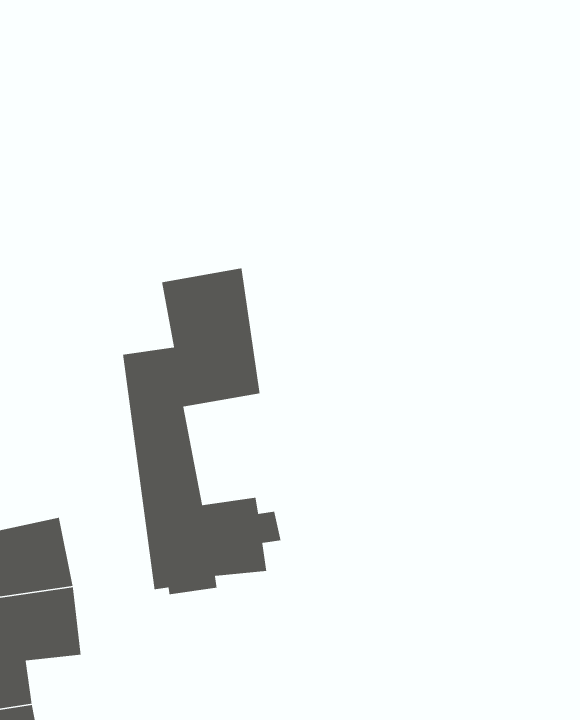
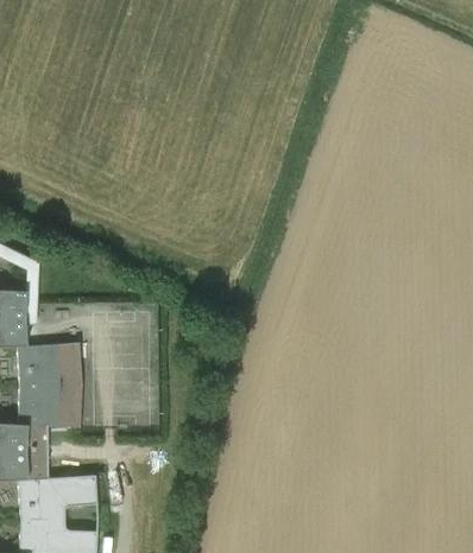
building: [122,268,282,595] -> none

